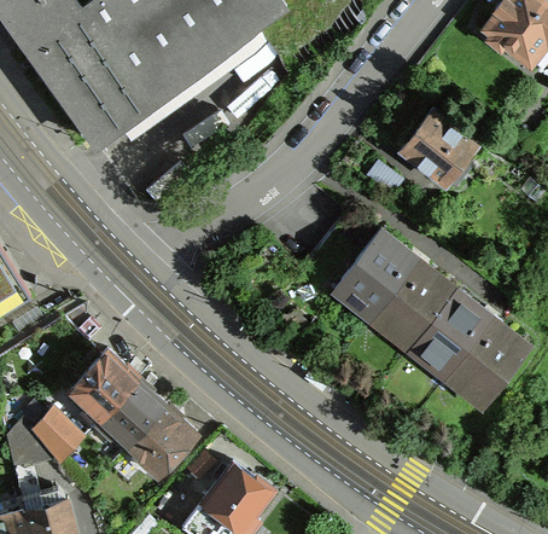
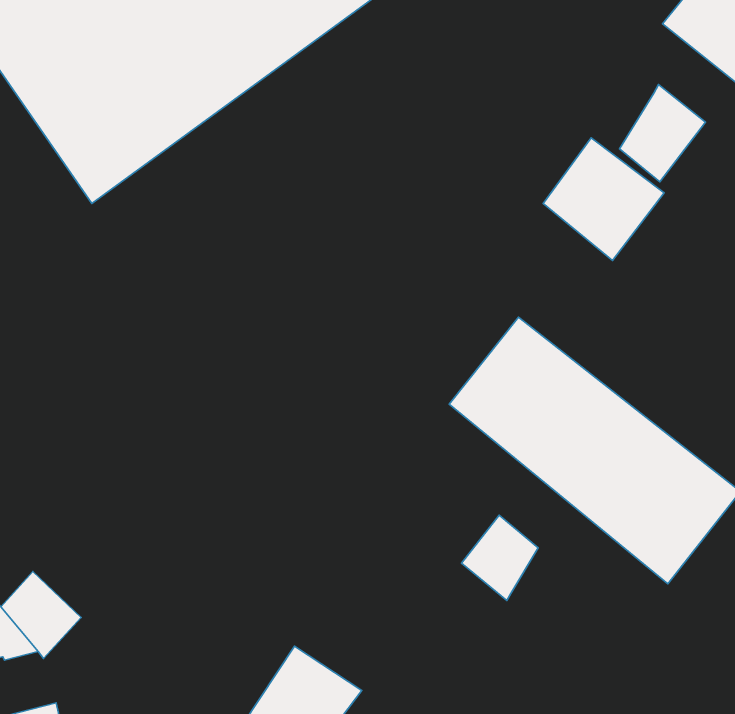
building: none -> [620,84,705,182]
building: [63,347,199,480] -> none
building: none -> [461,515,538,601]

